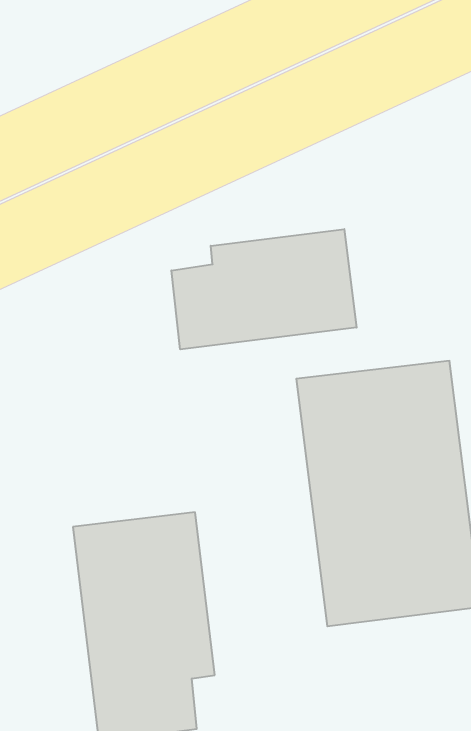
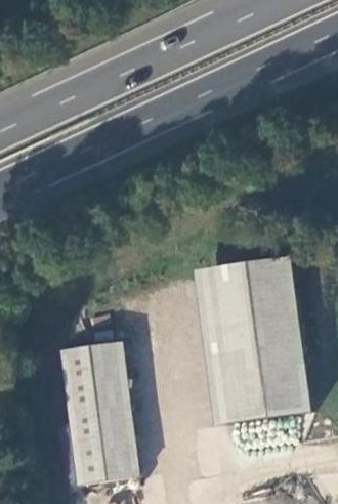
building: [171,229,357,349] -> none

